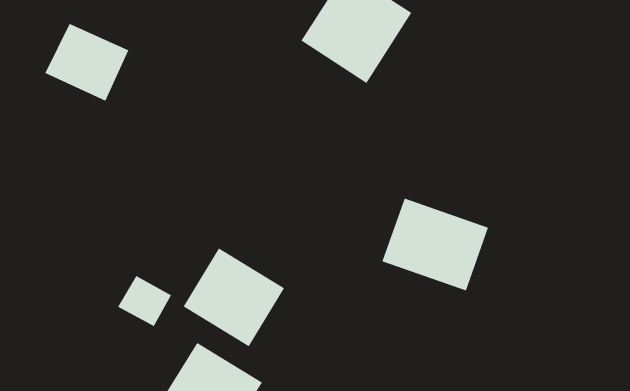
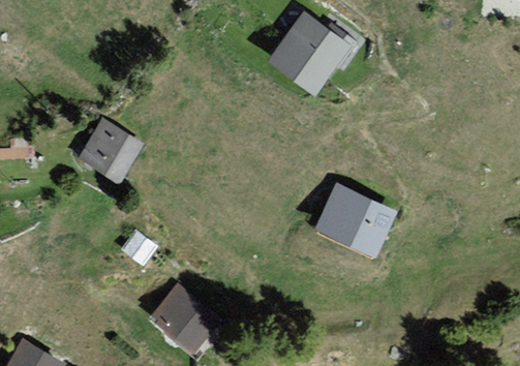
building: [45,23,129,101] -> [77,122,141,182]
building: [183,248,285,347] -> none

